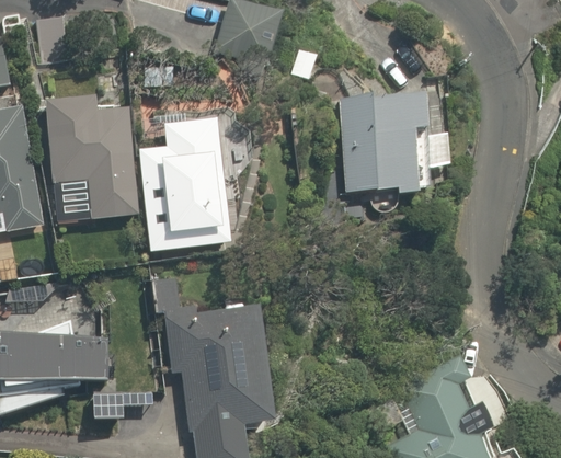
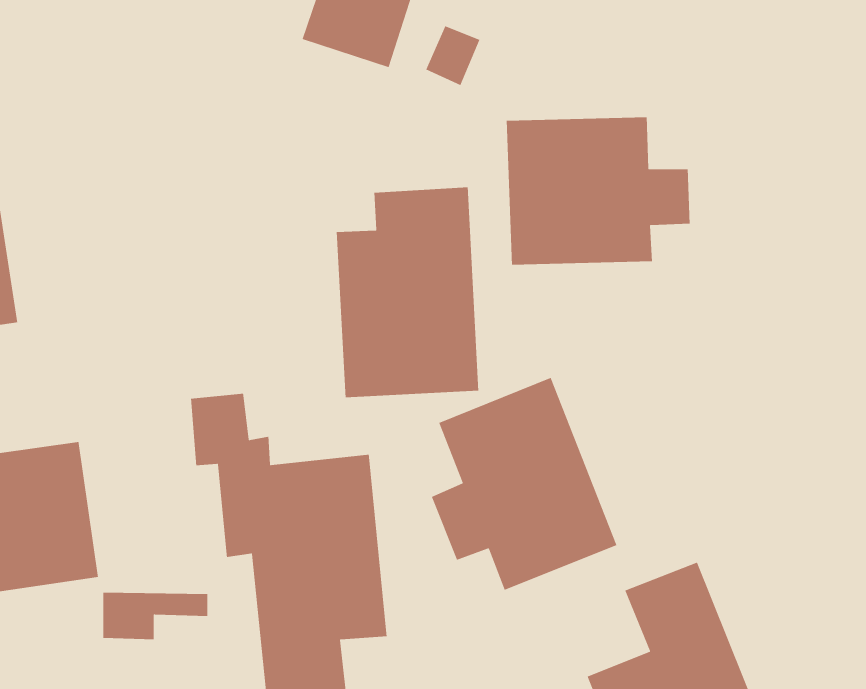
building: [47,103,140,220] -> none
building: [142,119,230,249] -> [336,187,479,398]
building: none -> [431,377,617,591]

